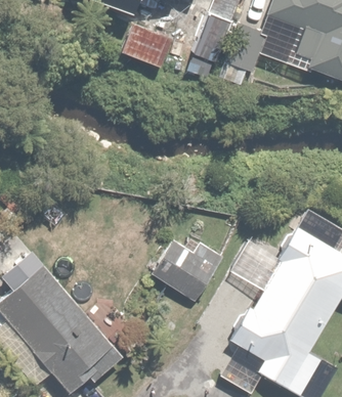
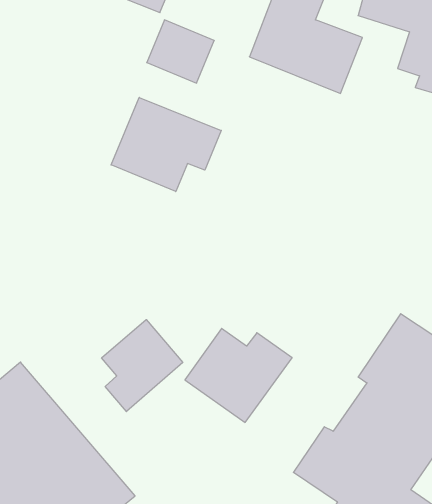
building: none -> [111,97,221,192]
building: none -> [102,320,183,412]

